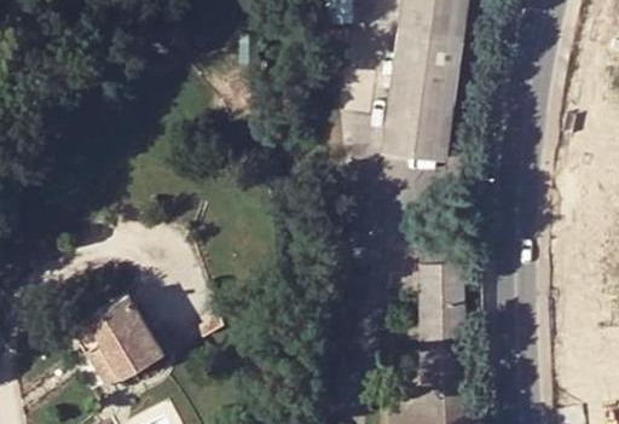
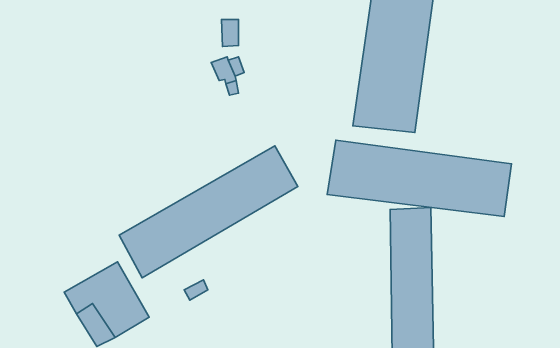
building: none -> [327,140,511,217]
building: none -> [119,146,298,278]

